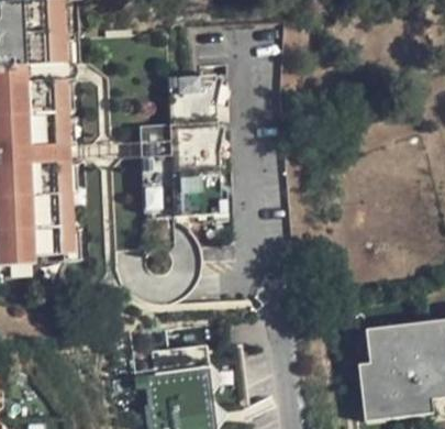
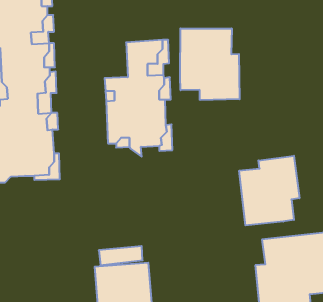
building: none -> [180,28,240,100]
building: none -> [239,156,299,225]

